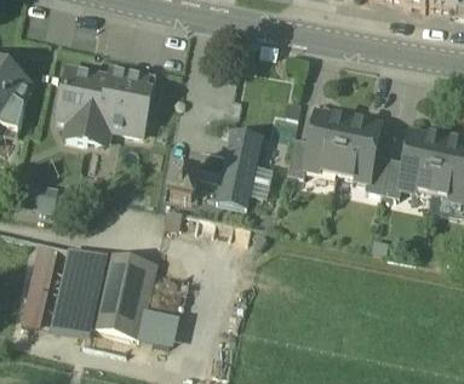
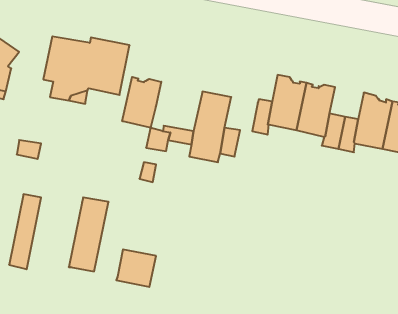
building: none -> [122,77,161,128]
building: [45,242,101,336] -> none
building: [114,250,155,332] -> none

